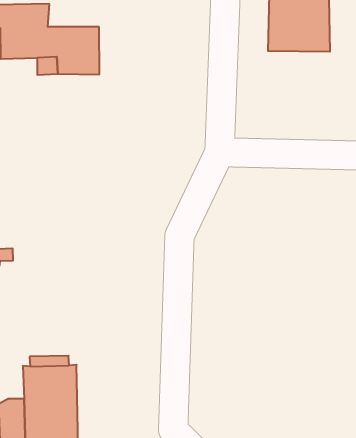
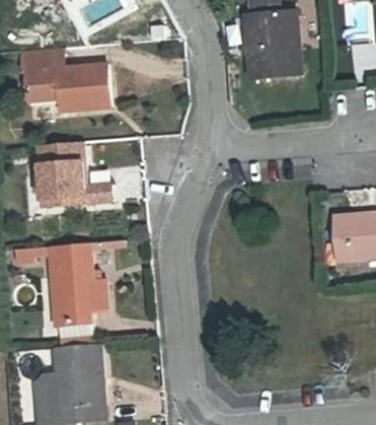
building: none -> [37,147,109,208]
building: none -> [52,247,105,324]

